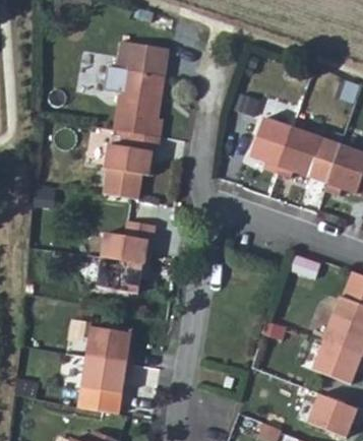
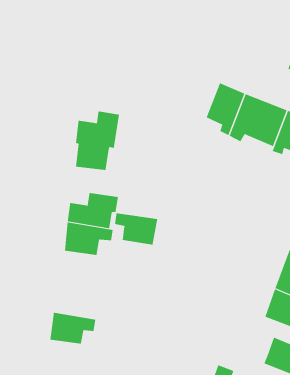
building: [98,46,164,145] -> none
building: none -> [114,213,158,246]
building: [79,333,130,373] -> none

